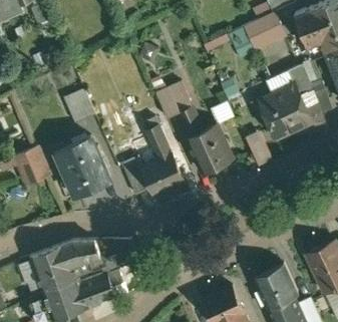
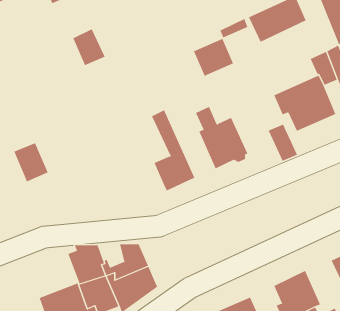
building: [154,81,192,116] -> [193,38,234,77]
building: [65,87,95,121] -> [72,28,106,66]
building: [55,134,110,193] -> none
building: [123,154,153,192] -> none
building: [29,240,76,288] -> none

